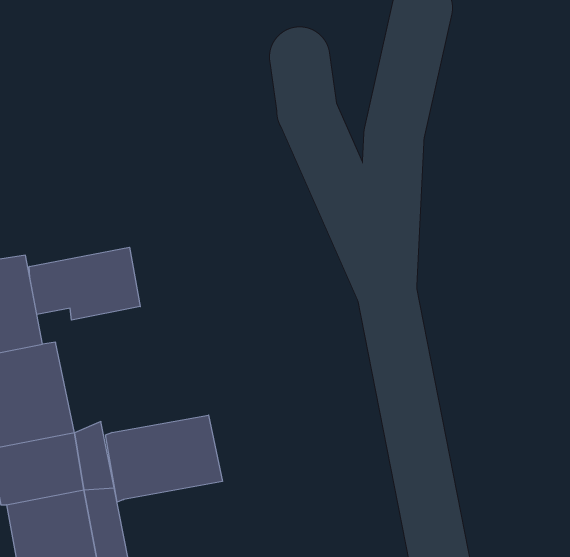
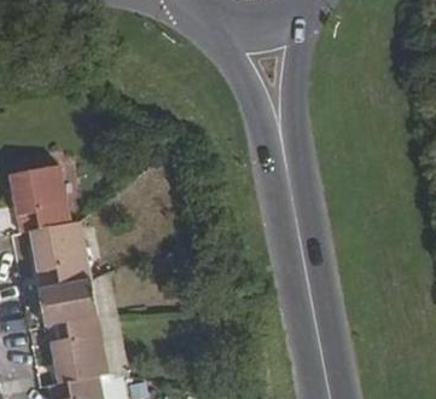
building: [29,247,140,320] -> none
building: [105,415,222,502] -> none

